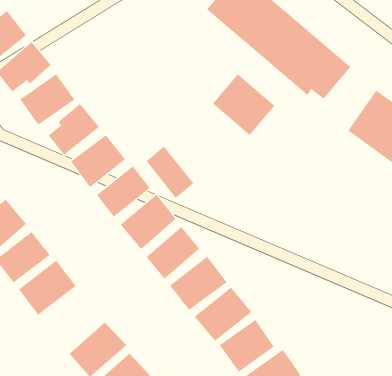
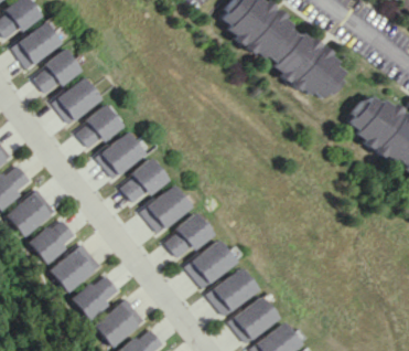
building: [212,74,275,136] -> none
building: [146,146,194,199] -> none
building: none -> [74,273,123,320]

